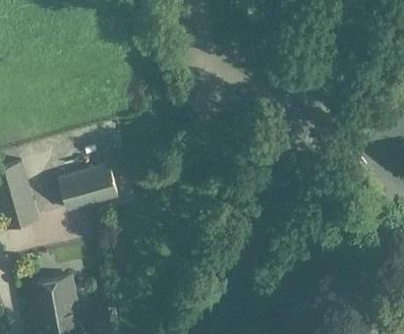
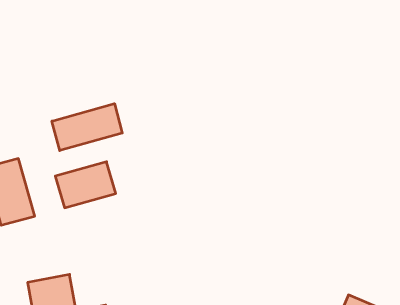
building: none -> [52,104,122,151]

